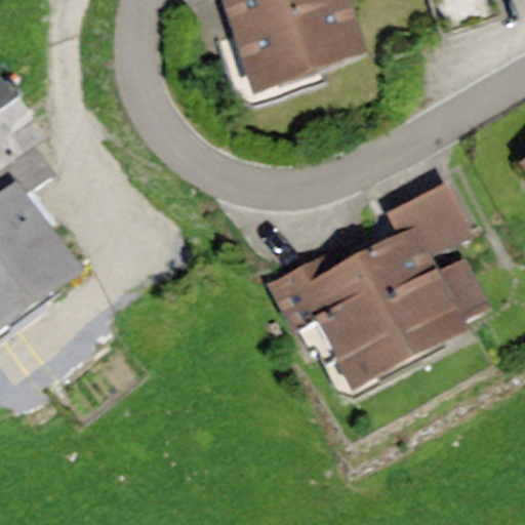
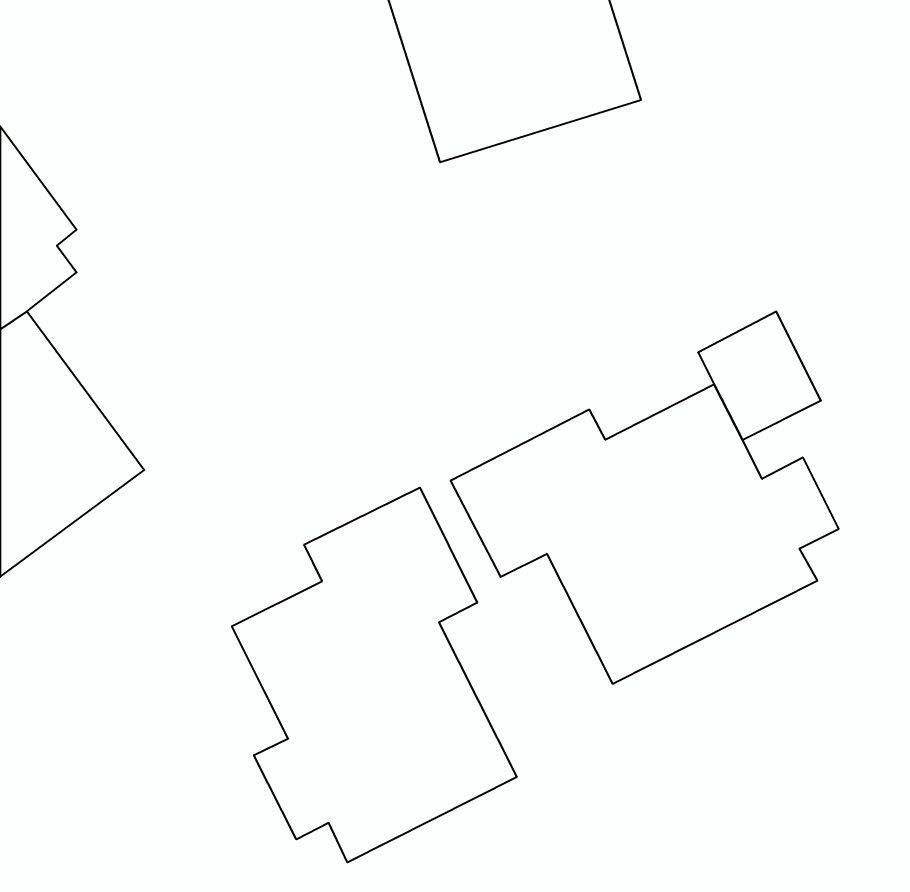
building: none -> [232,488,517,862]

